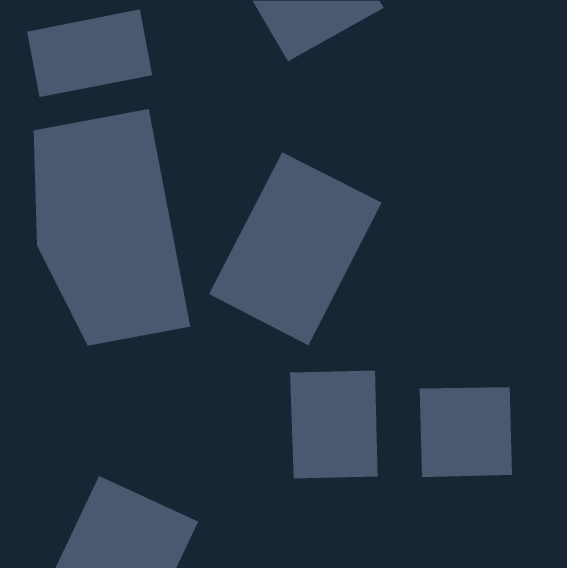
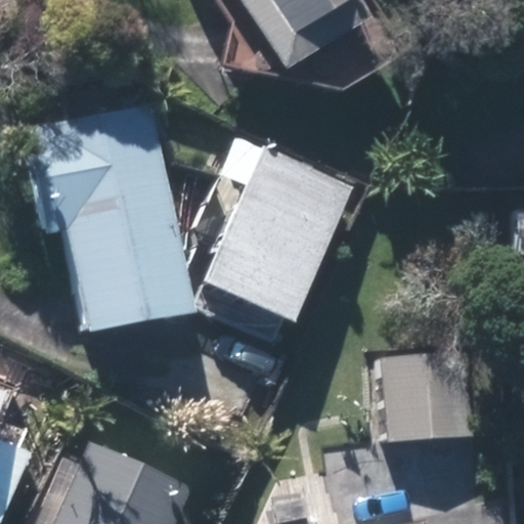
building: [27,9,153,98] -> none
building: [289,370,378,479] -> none

